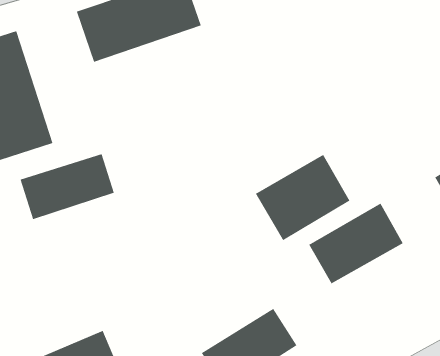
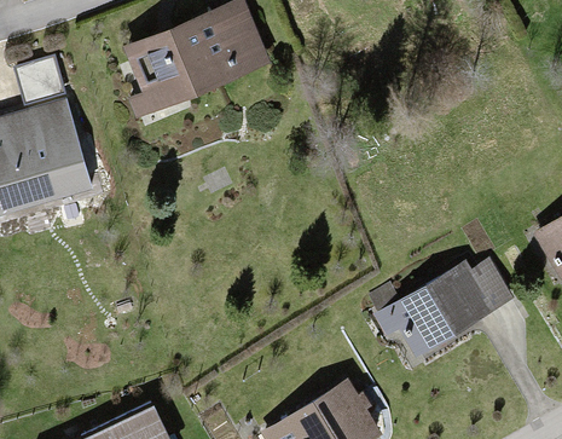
building: [19,153,115,220] -> none
building: [255,154,351,241] -> none

